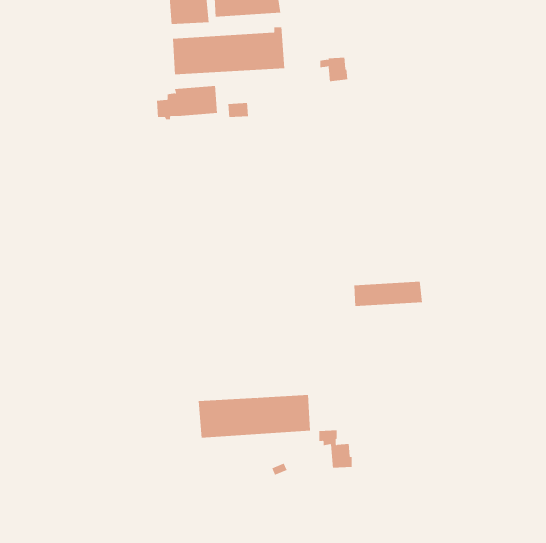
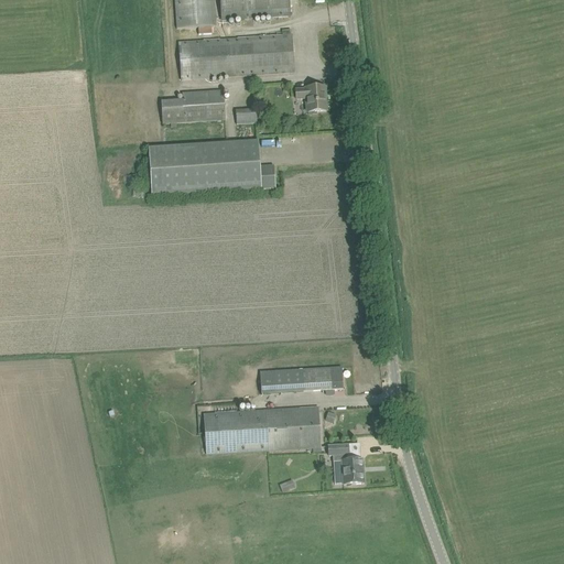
building: [319,57,348,82] -> [296,85,326,110]
building: none -> [149,139,275,194]
building: [353,281,423,307] -> [260,366,332,392]

